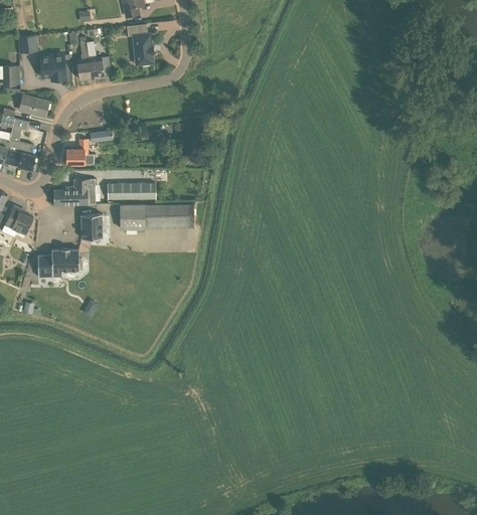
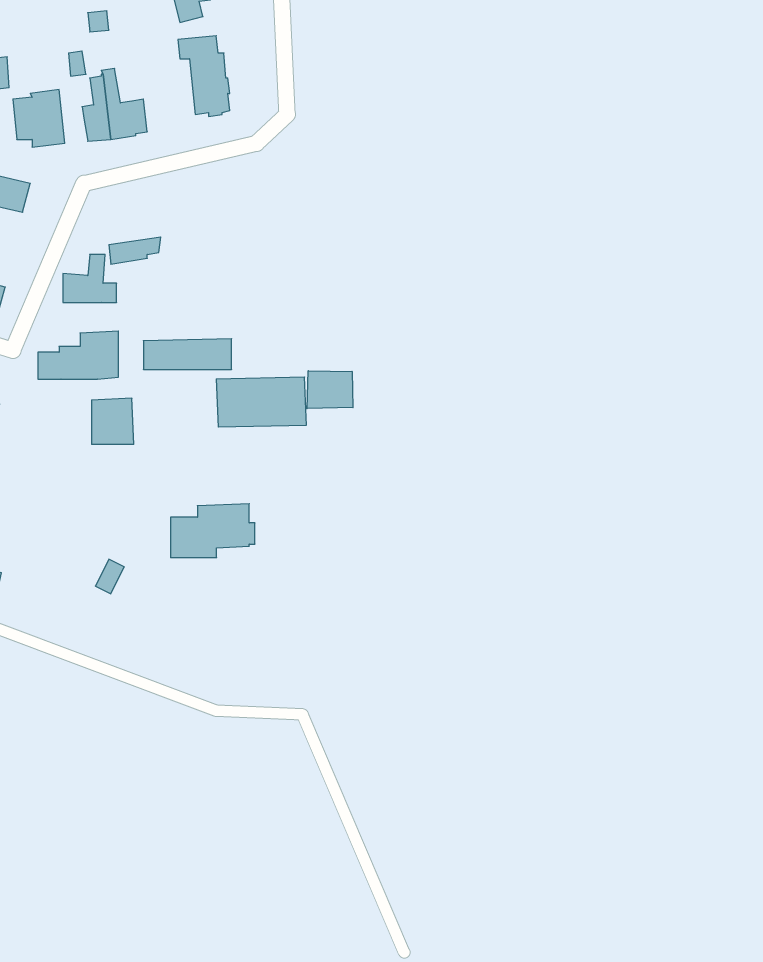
building: none -> [307,371,353,409]
building: [119,203,147,228] -> none
building: [37,247,82,276] -> [171,504,255,558]

